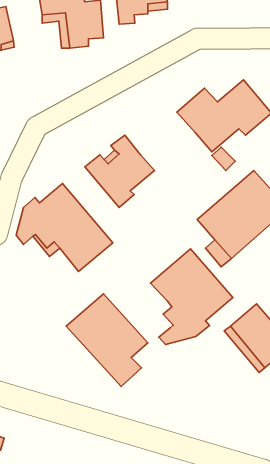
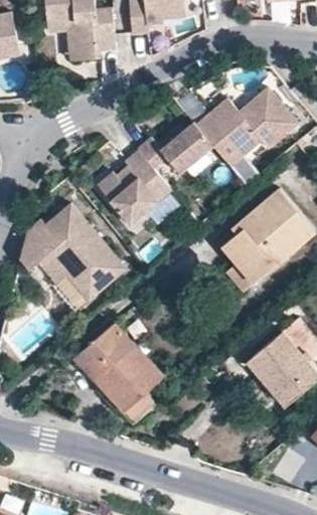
building: none -> [135,121,214,174]
building: [151,249,233,344] -> none

